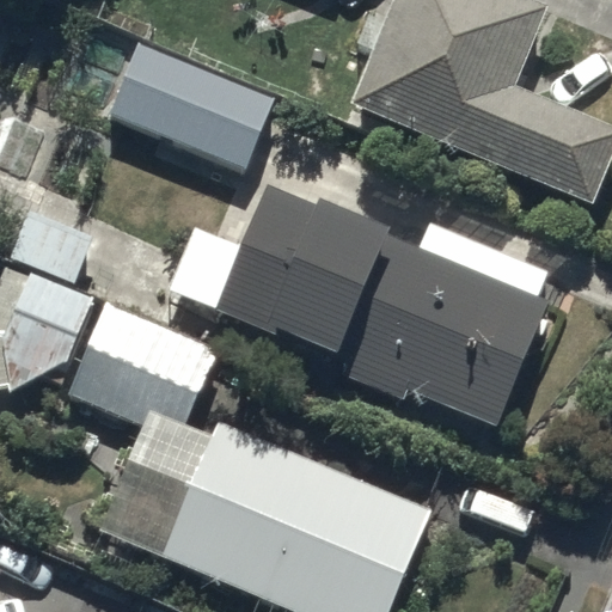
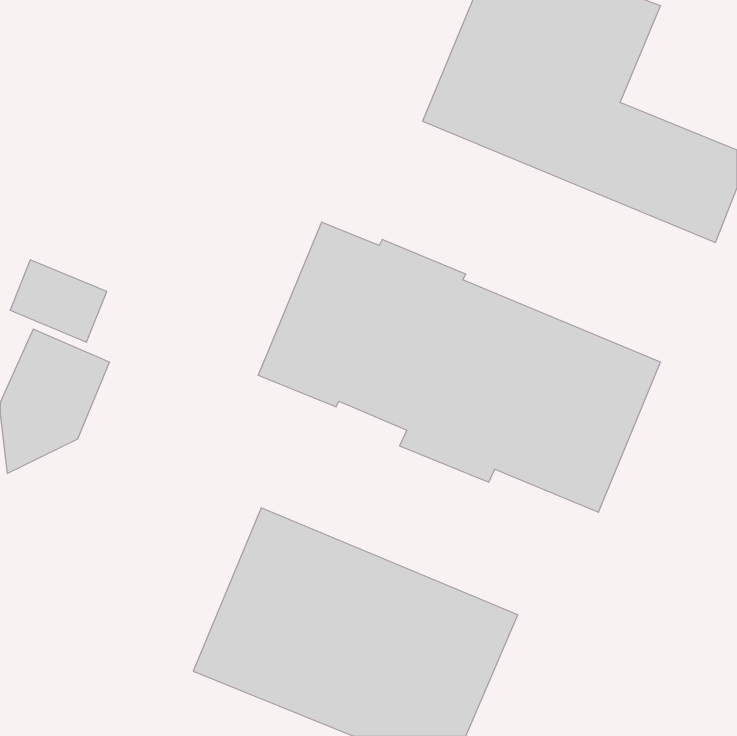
building: [104,42,273,171] -> none
building: [68,305,214,439] -> none

